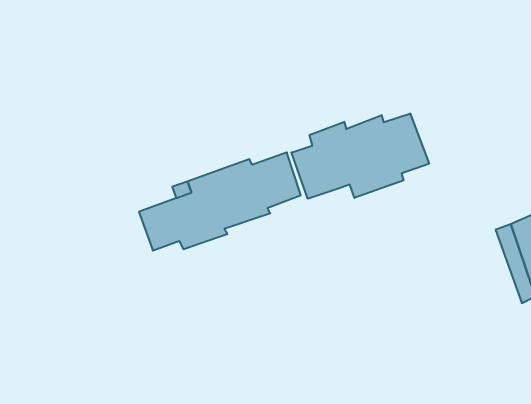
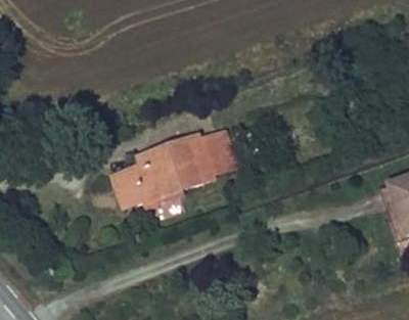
building: [291,113,429,199] -> none

